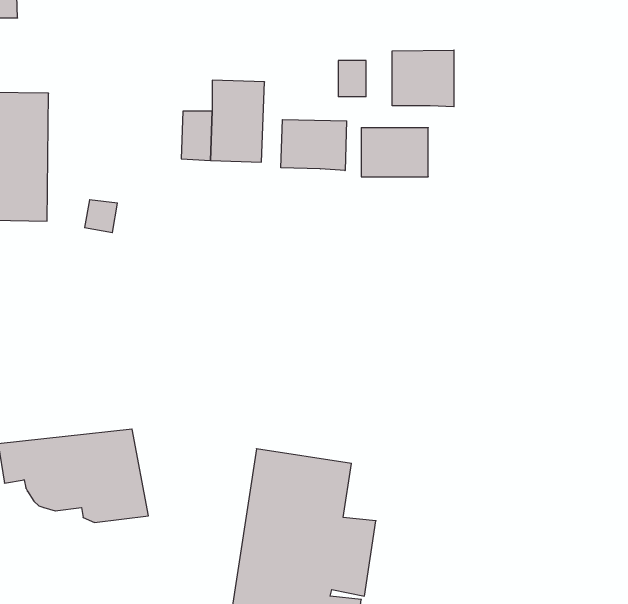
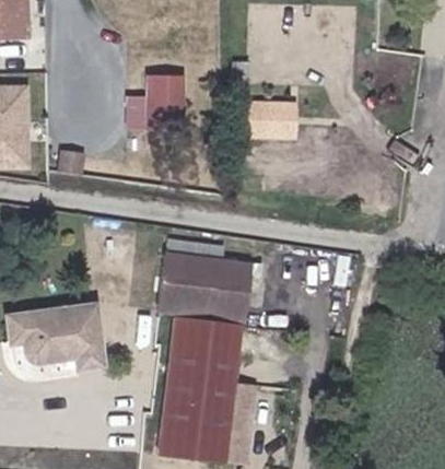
building: [392,50,454,107] -> none
building: [281,120,347,171] -> none
building: none -> [151,243,241,313]

